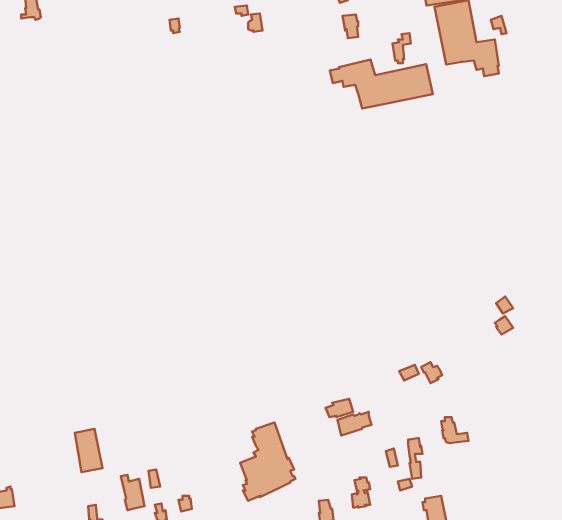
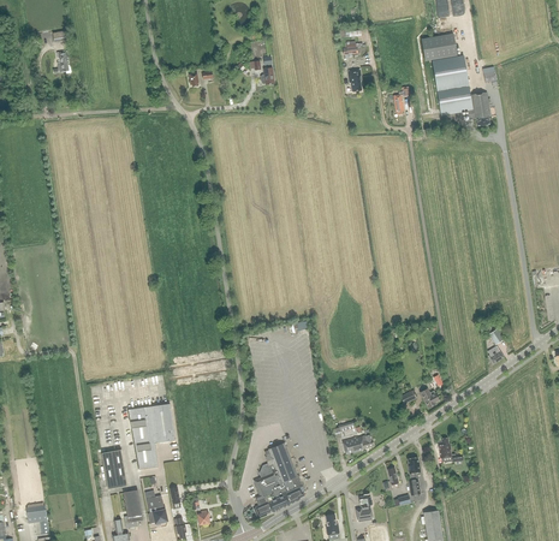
building: [330,60,433,109] -> none
building: none -> [129,404,174,469]
building: none -> [123,489,142,528]

